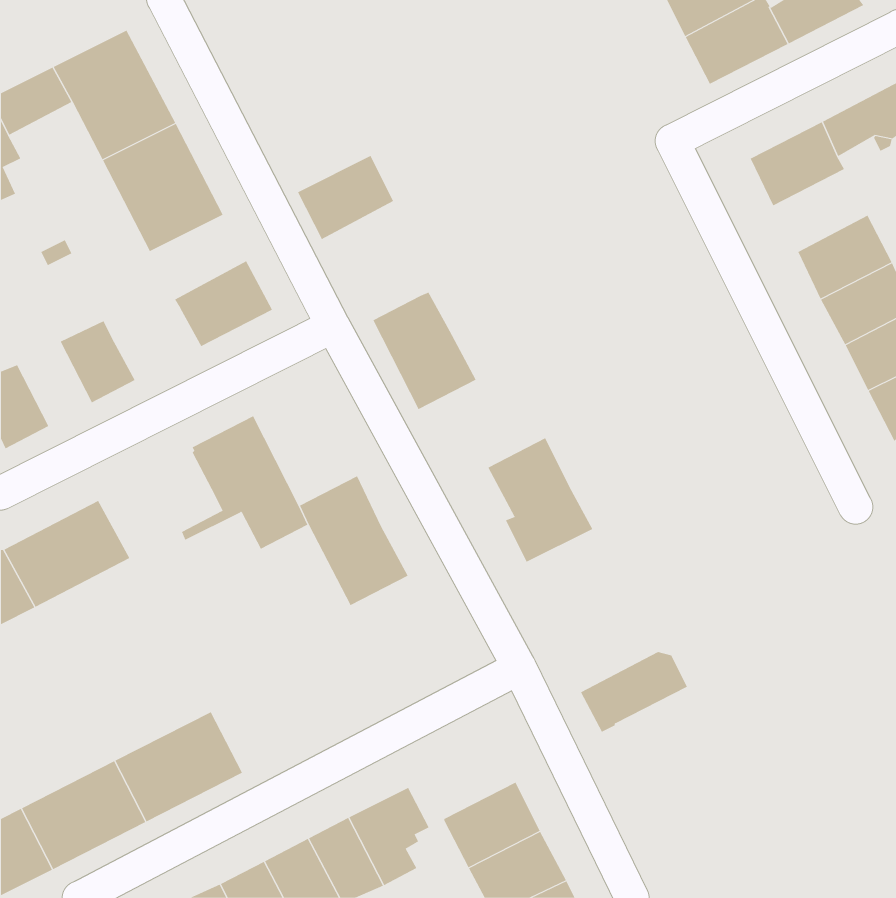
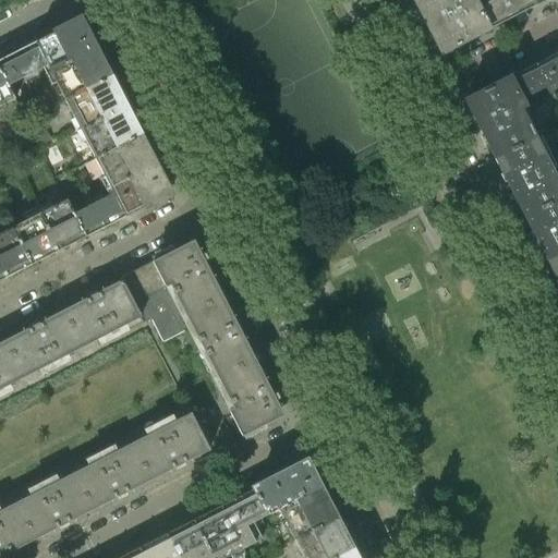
building: [297,155,394,240] -> [95,133,155,185]
building: none -> [481,105,539,156]
building: [373,292,476,410] -> [159,240,223,313]
building: none -> [73,191,126,235]
building: none -> [13,211,59,264]
building: [488,437,593,563] -> [219,356,284,434]
building: none -> [63,280,140,345]
building: [580,652,688,733] -> [255,462,322,512]
building: none -> [133,410,210,478]

